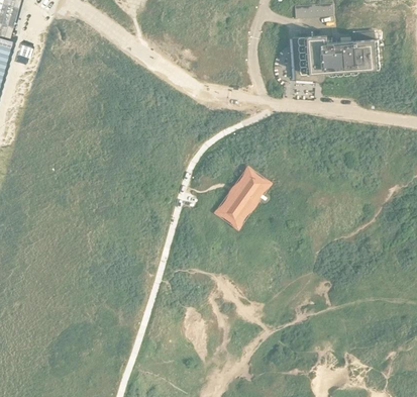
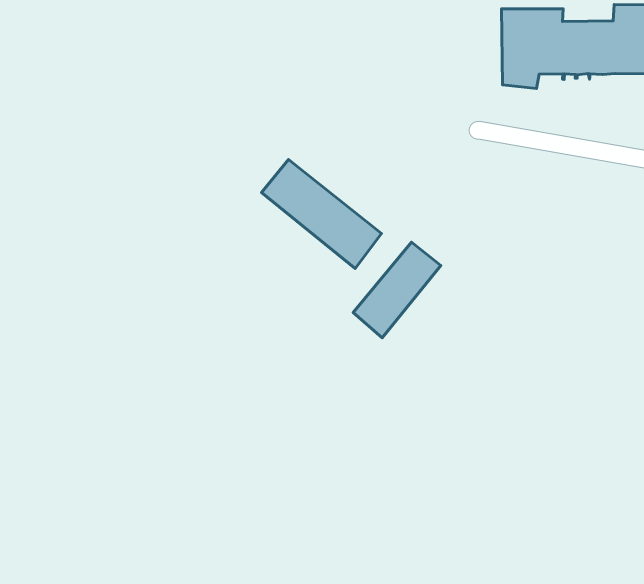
building: none -> [261,160,382,269]

